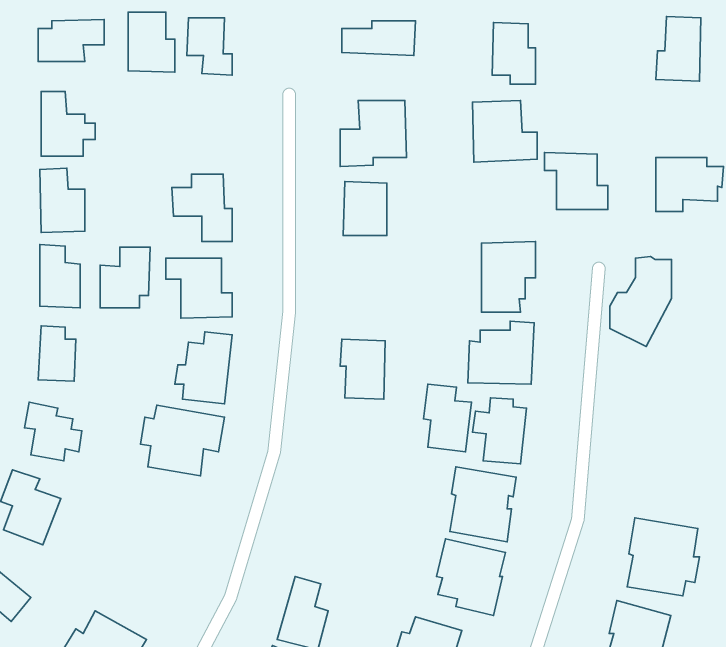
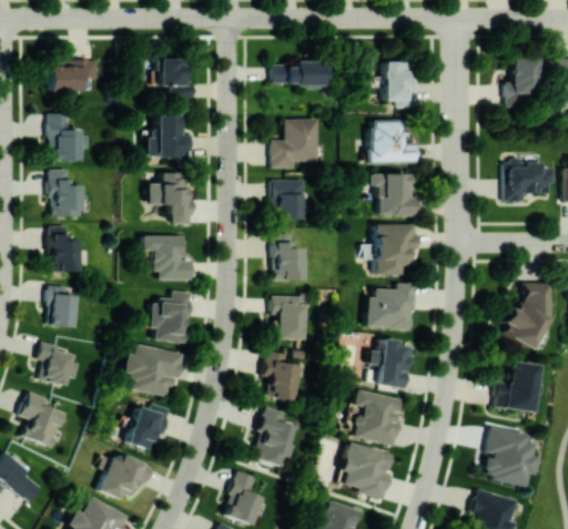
building: [128,12,175,72] -> [156,114,191,159]
building: [545,153,608,210] -> [371,173,417,215]
building: [100,247,150,308] -> none
building: [610,257,672,347] -> [505,282,550,348]
building: none -> [273,234,304,279]
building: [423,384,472,452] -> [264,350,300,400]
building: none -> [494,360,540,411]
building: none -> [128,403,172,450]
building: none -> [253,406,297,467]
building: none -> [99,450,152,500]

